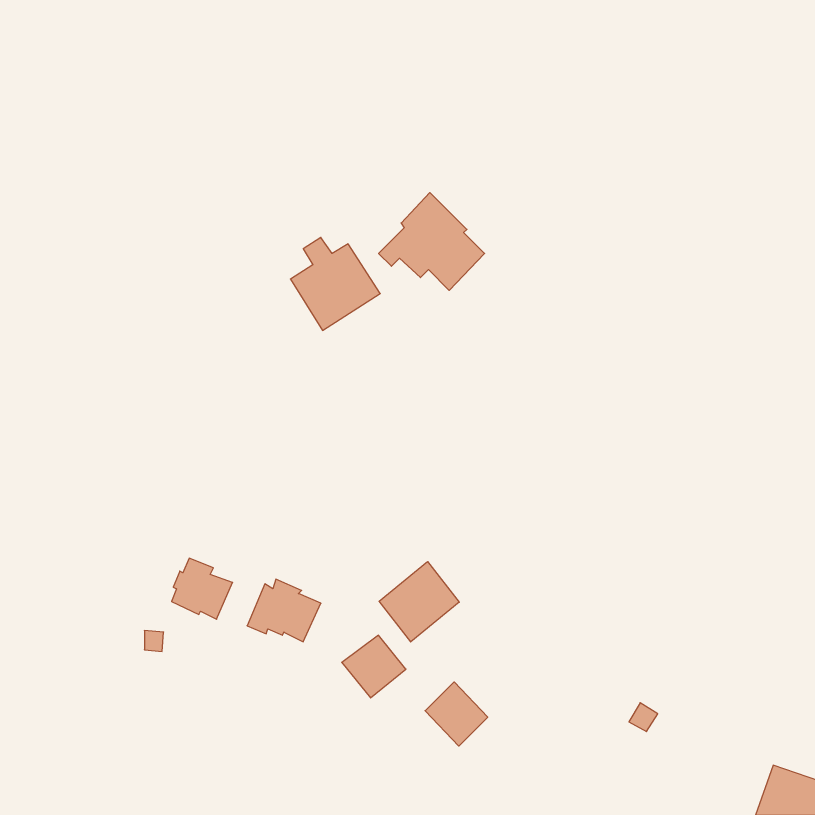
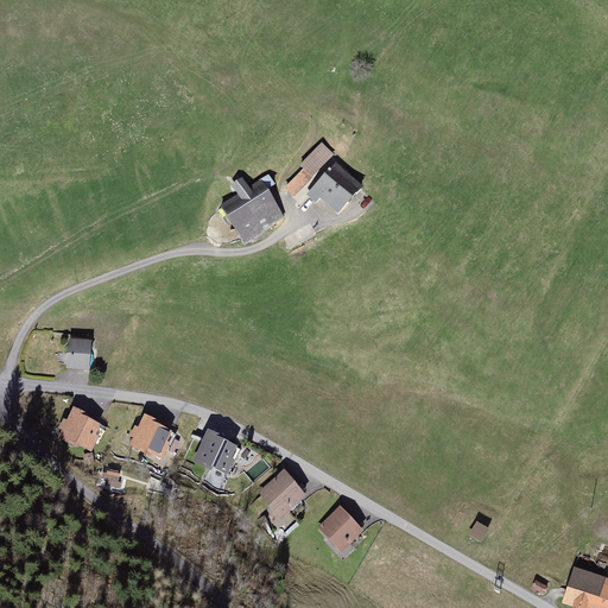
building: none -> [69,338,93,369]
building: none -> [61,407,102,450]
building: [379,562,459,642] -> none

